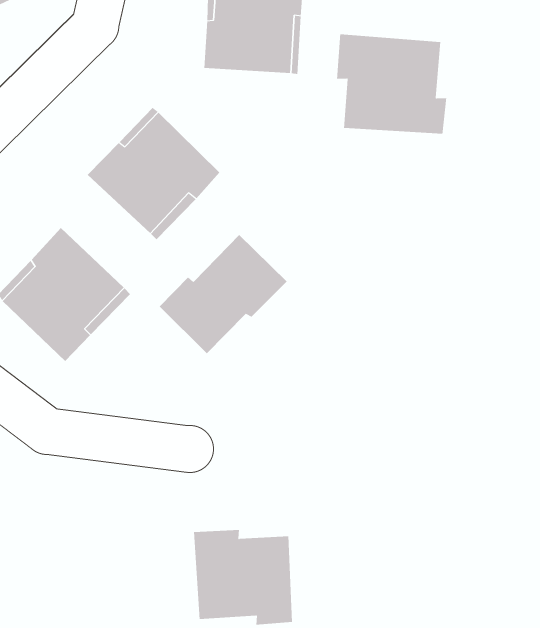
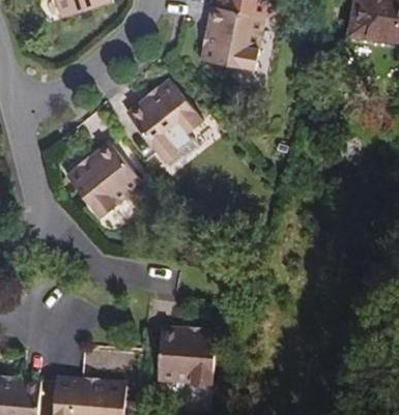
building: [337,33,447,134] -> none
building: [159,234,287,354] -> none

